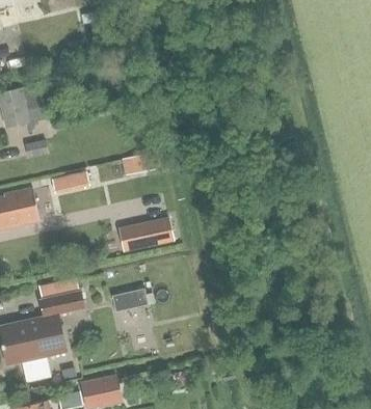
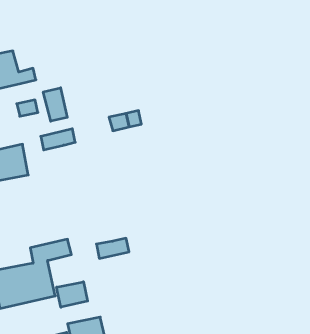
building: none -> [43,88,67,121]
building: [118,217,173,251] -> none
building: none -> [57,282,88,307]

